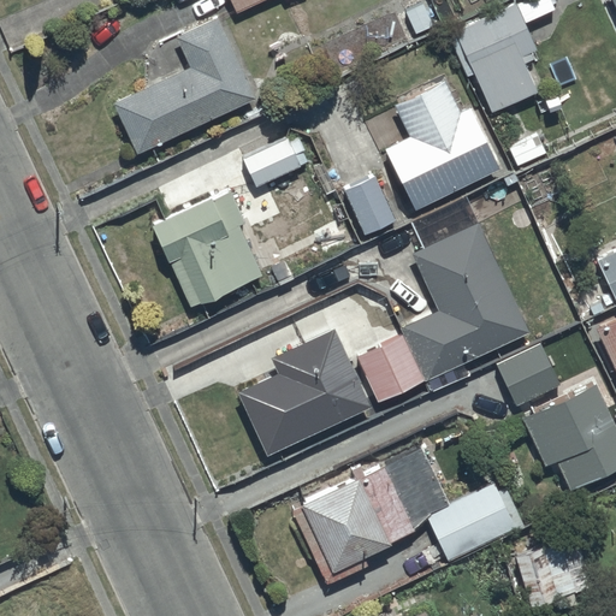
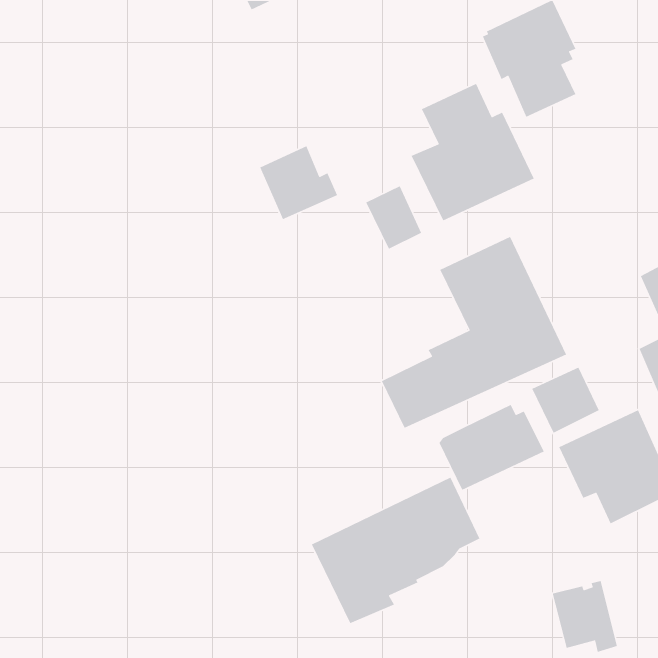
building: [114,17,256,154] -> none
building: [152,190,261,308] -> none
building: [237,326,372,455] -> none
building: [427,482,526,563] -> [439,404,545,491]

